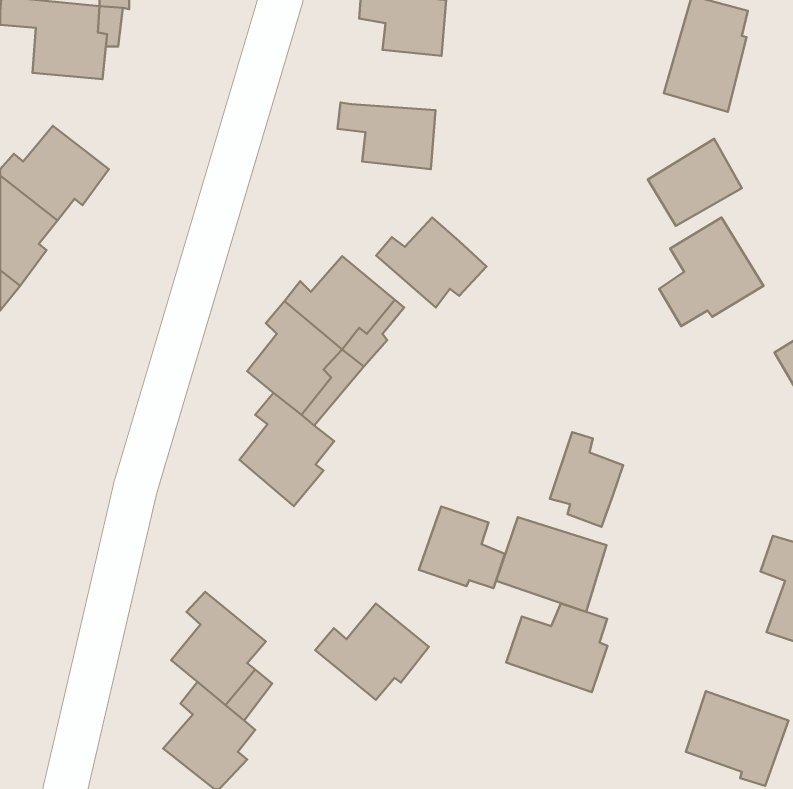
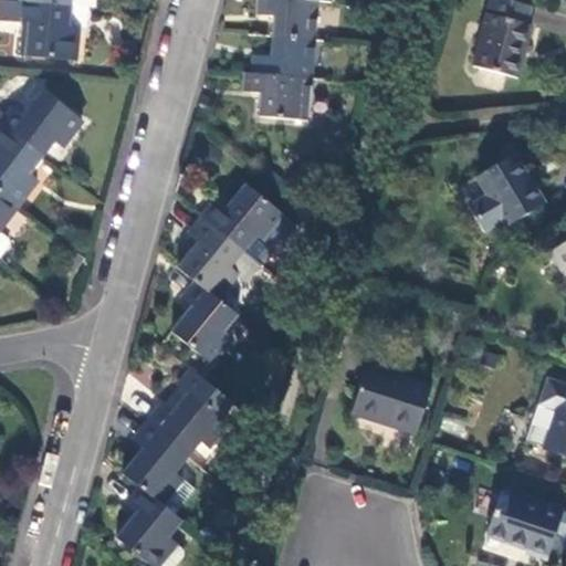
building: none -> [251,35,315,78]
building: [648,139,742,226] -> none
building: [376,217,486,307] -> none
building: [550,432,623,527] -> none
building: [419,506,505,588] -> none
building: [315,603,429,700] -> [147,388,228,457]
building: [506,604,607,692] -> none

